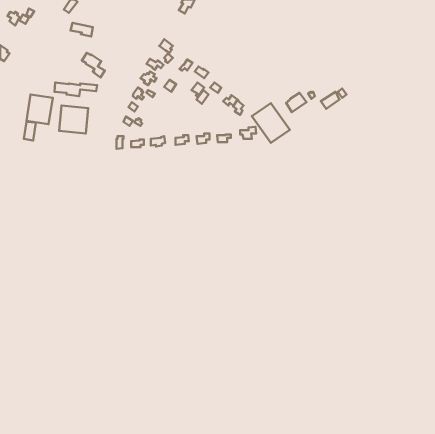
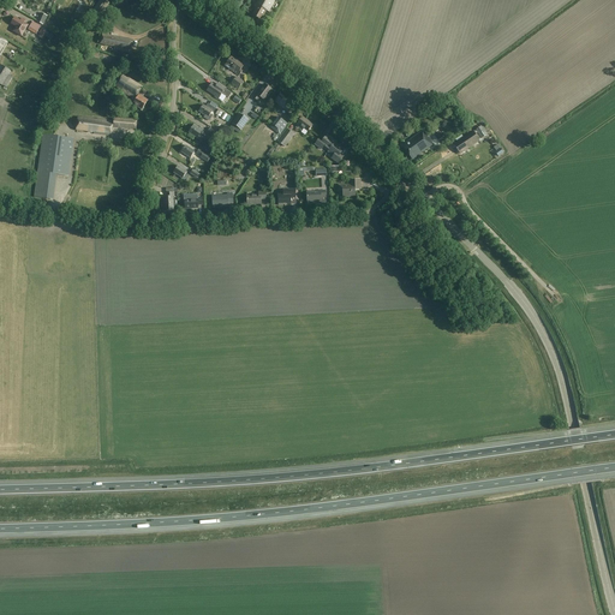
building: [252,103,290,143] -> none
building: [59,105,88,134] -> none

